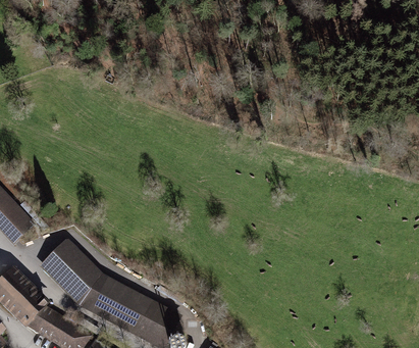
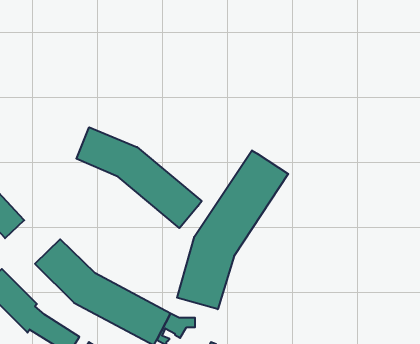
building: none -> [76,127,202,228]
building: none -> [177,150,288,309]

